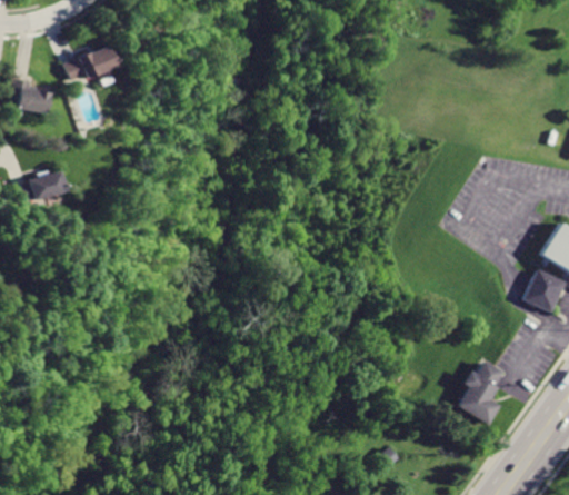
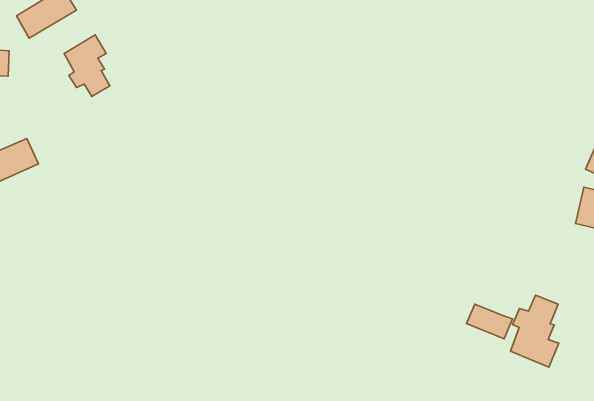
building: none -> [64,35,110,96]
building: none -> [466,304,513,339]

